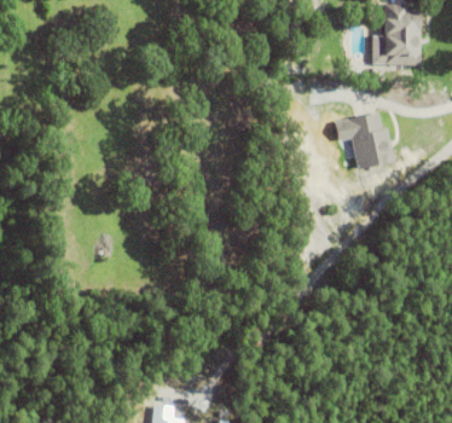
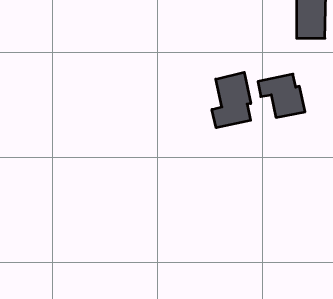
building: none -> [212,72,251,128]

